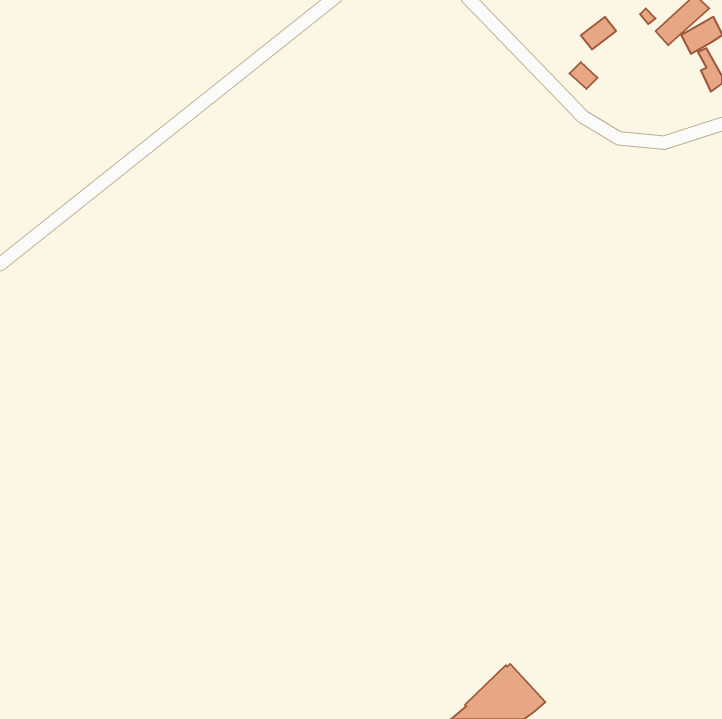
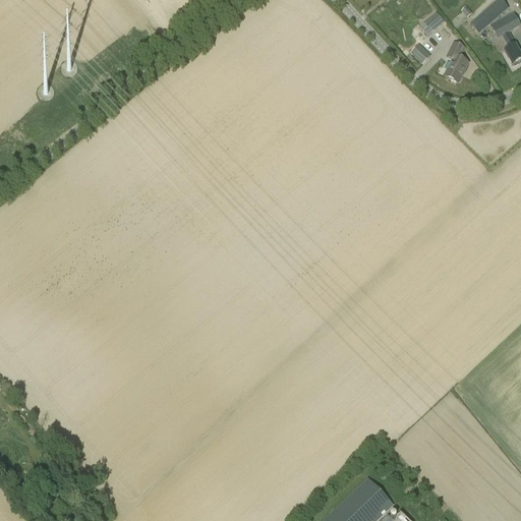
building: none -> [444,43,469,83]

